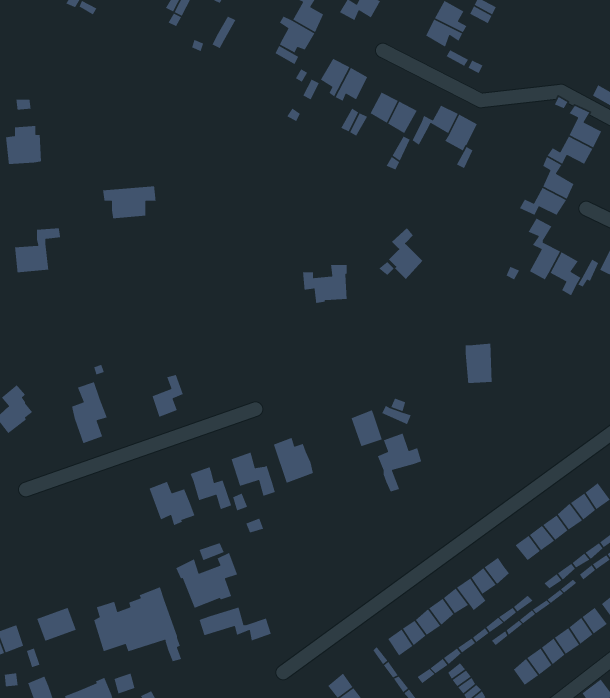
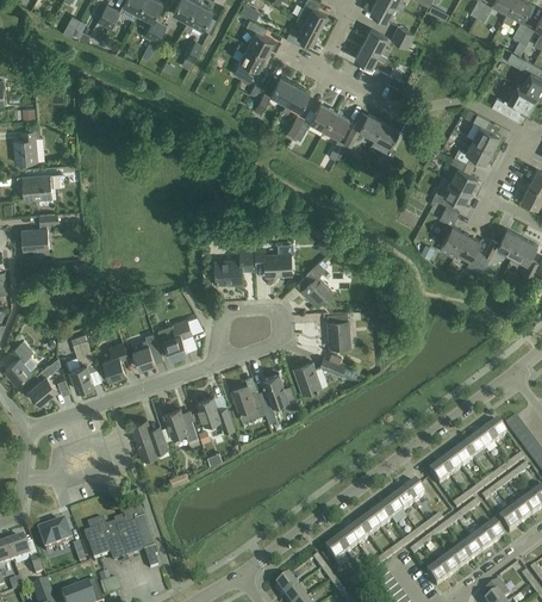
building: [102,185,156,219] -> [15,173,60,200]
building: [388,227,423,280] -> [303,263,331,306]
building: none -> [214,248,253,284]
building: [465,343,492,384] -> [326,315,349,348]
building: none -> [157,321,192,358]
building: none -> [102,343,127,379]
building: none -> [29,358,60,403]
building: [377,433,422,493] -> [257,374,294,423]
building: [175,552,238,609] -> none
building: [198,606,272,641] -> none

